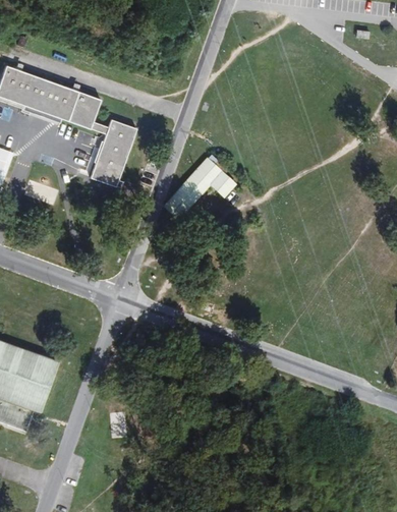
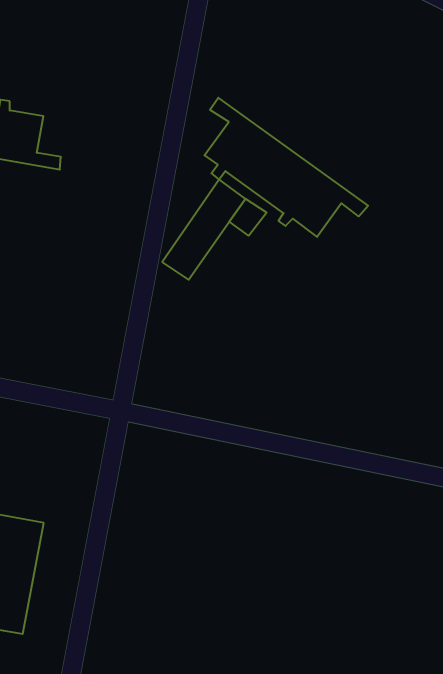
building: none -> [204,98,368,237]
building: [90,119,135,187] -> none

